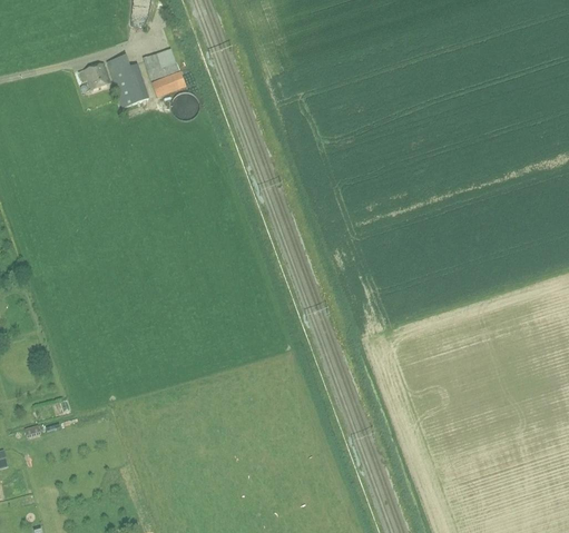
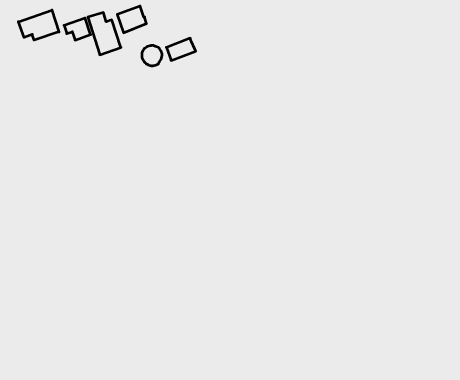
building: none -> [18,10,59,40]
building: [151,70,187,97] -> [166,38,196,60]

